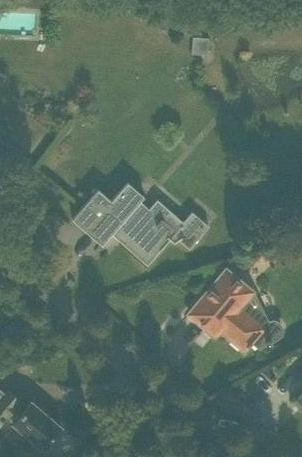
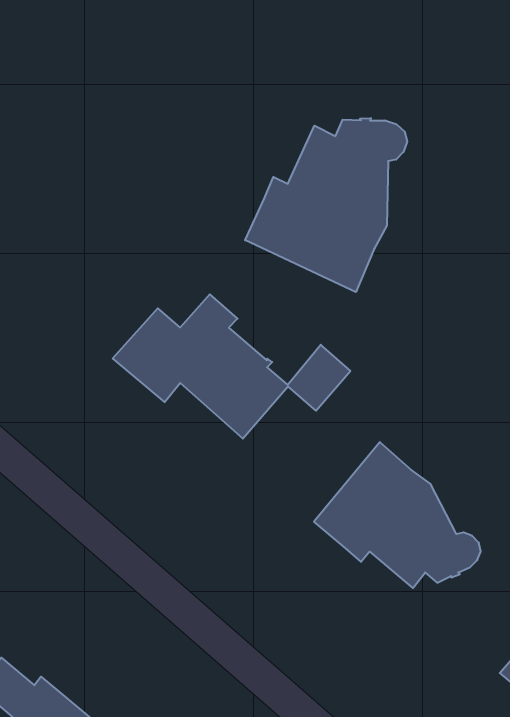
building: none -> [245,118,407,292]

